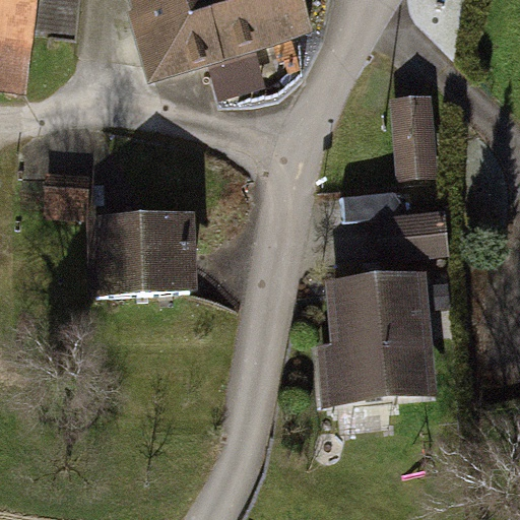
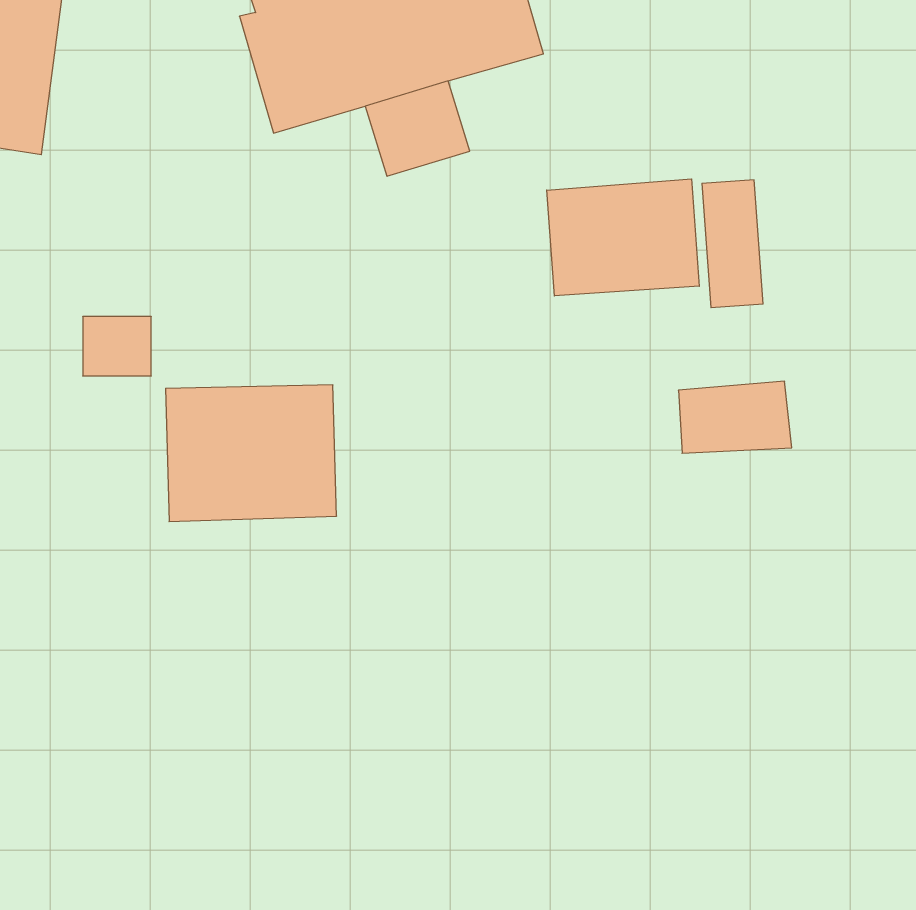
building: none -> [547,179,699,296]
building: [337,284,424,394] -> none

